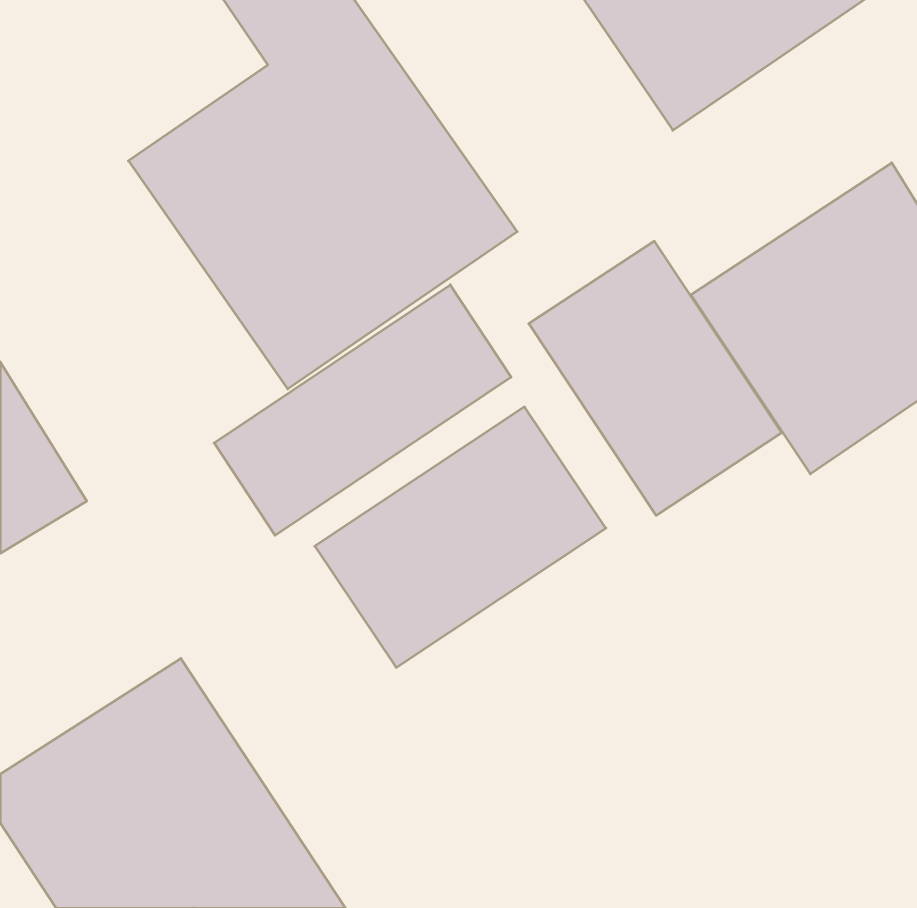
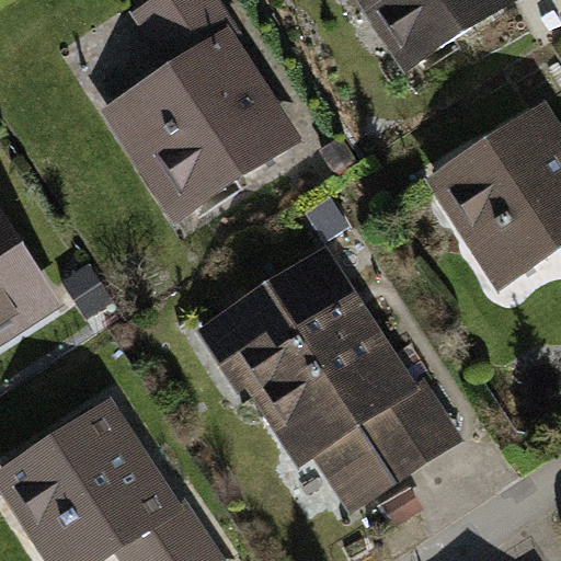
building: [529,241,782,515] -> none
building: [214,285,511,535] -> none
building: none -> [244,320,450,506]

